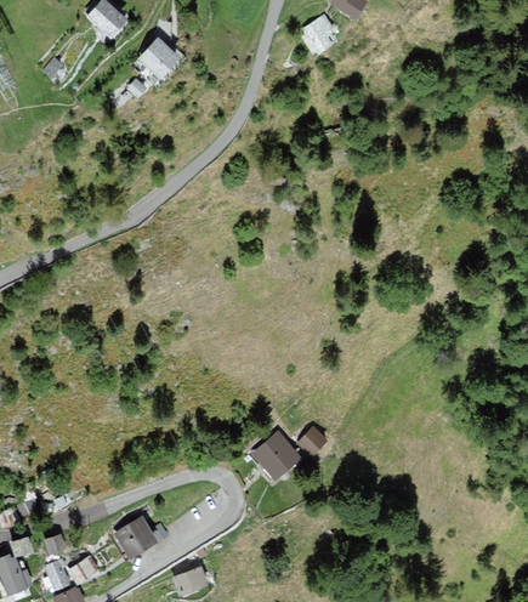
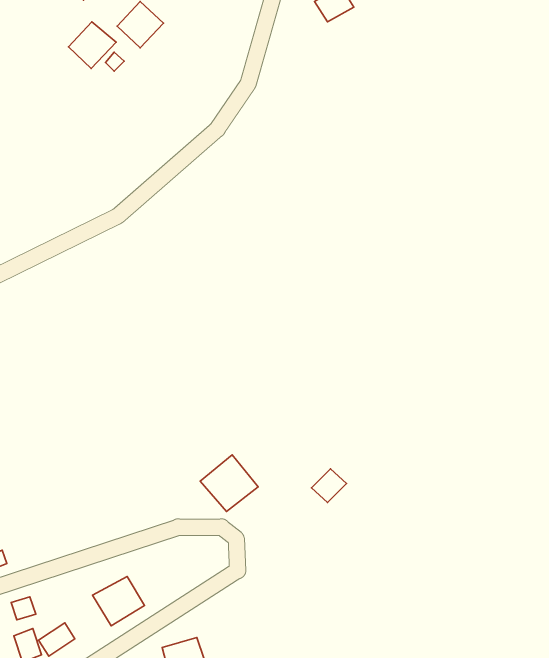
building: none -> [69,22,116,68]
building: [252,431,301,478] -> [200,455,258,512]

